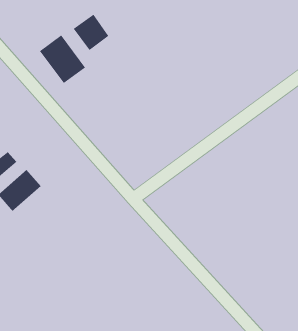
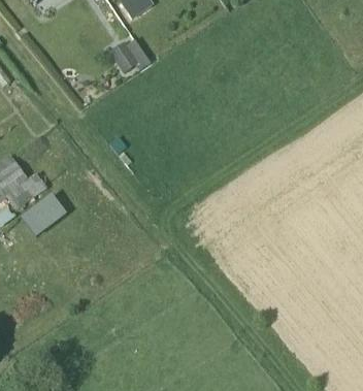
building: [39,35,86,84] -> none

